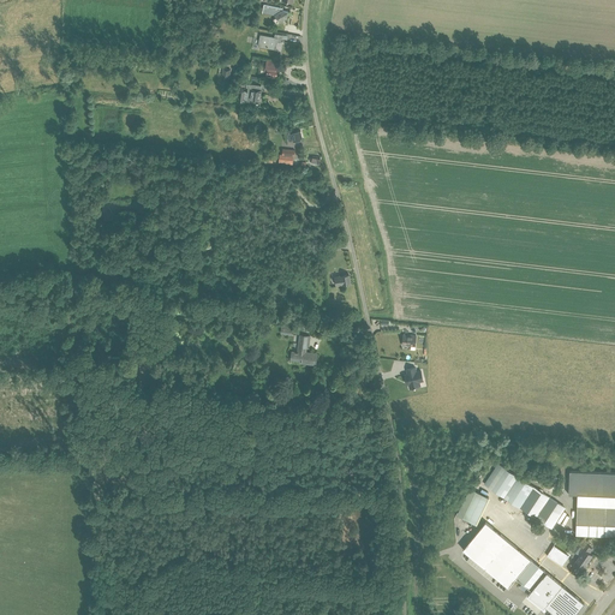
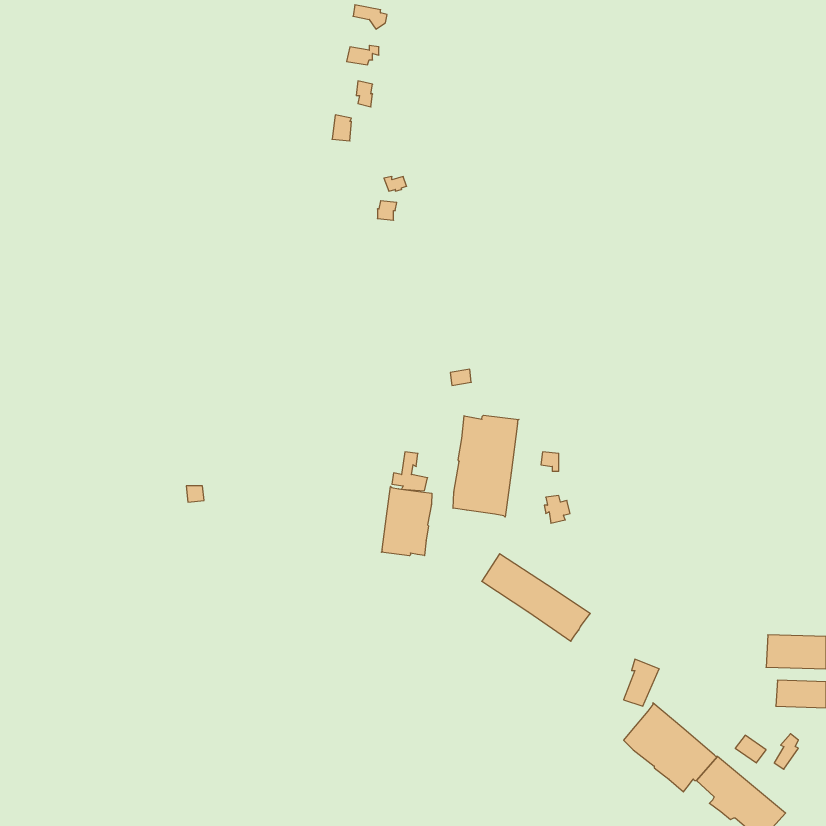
building: none -> [453,415,519,517]
building: none -> [381,486,432,556]
building: [484,465,565,530] -> [482,554,590,641]

